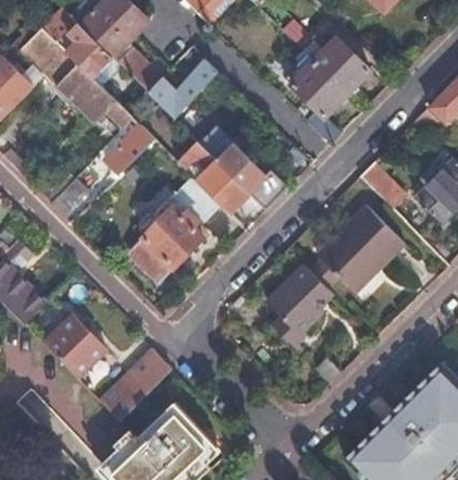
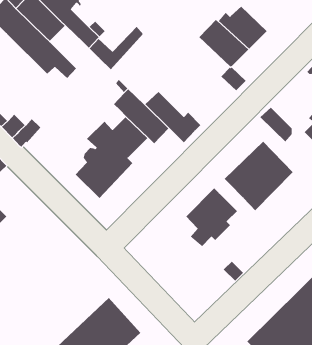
building: [100,116,154,173] -> none
building: [42,313,106,377] -> none
building: [98,347,170,419] -> none

